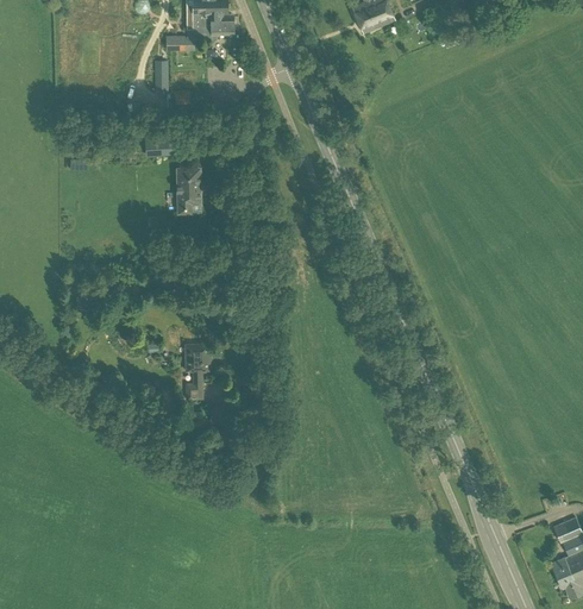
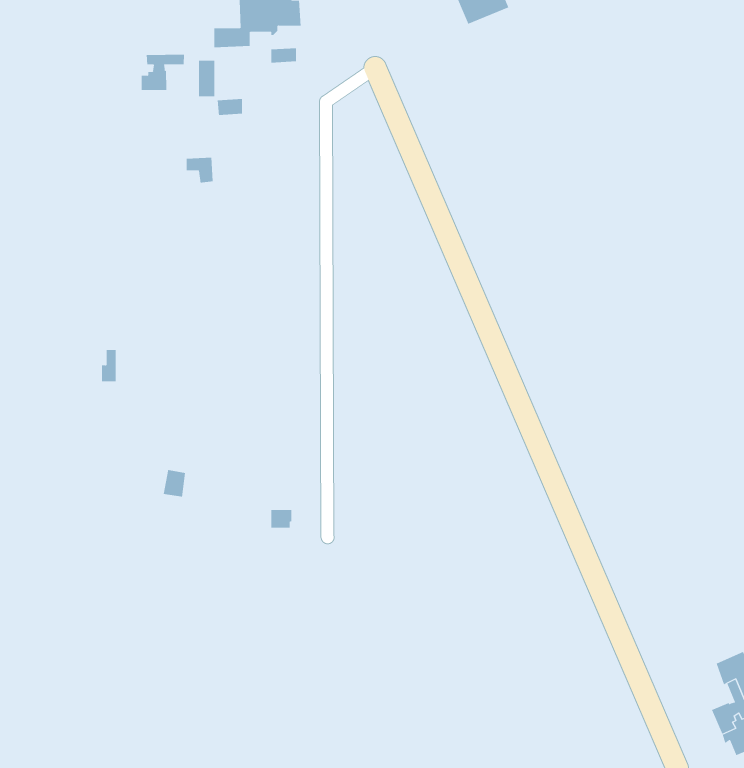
building: none -> [141,54,185,91]
building: [177,165,201,212] -> none
building: [186,341,211,397] -> none

